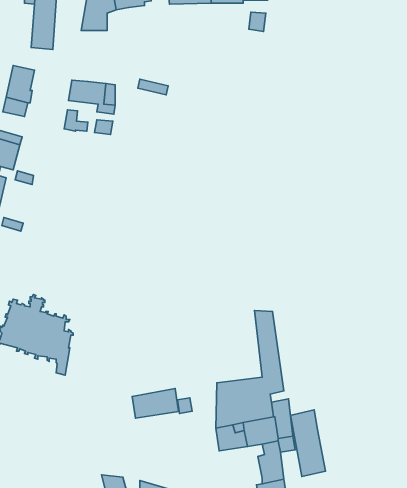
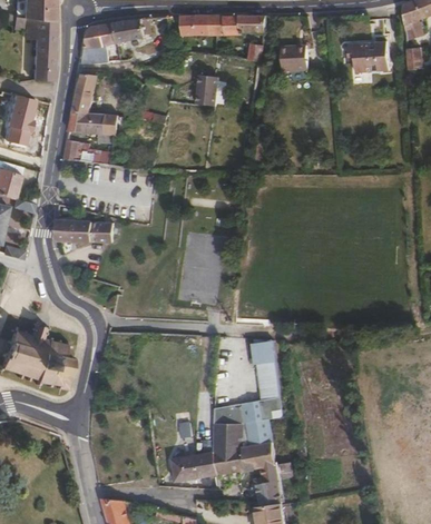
building: none -> [349,41,388,72]
building: none -> [281,46,308,71]
building: none -> [72,72,107,111]
building: none -> [193,76,215,106]
building: none -> [56,219,112,250]
building: [132,389,179,418] -> [172,452,217,481]
building: [290,410,326,476] -> none

